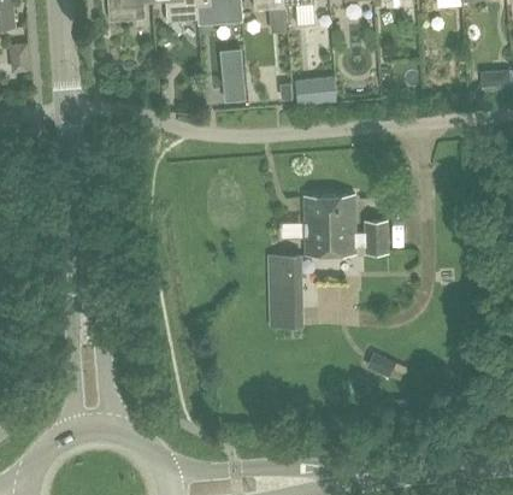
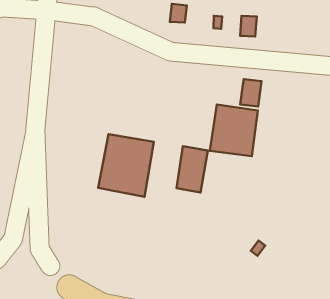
building: [364,220,388,254] -> [240,79,262,107]
building: none -> [98,134,154,197]

